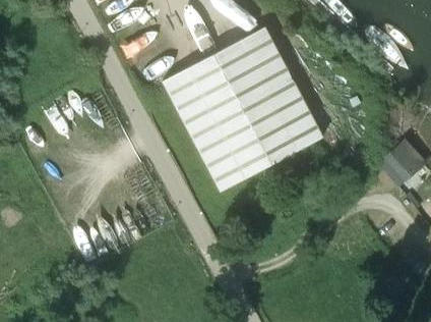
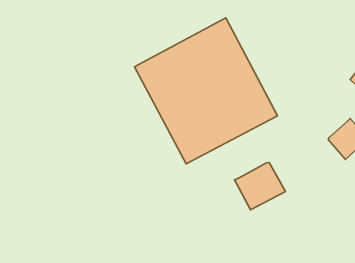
building: none -> [235,163,285,210]

